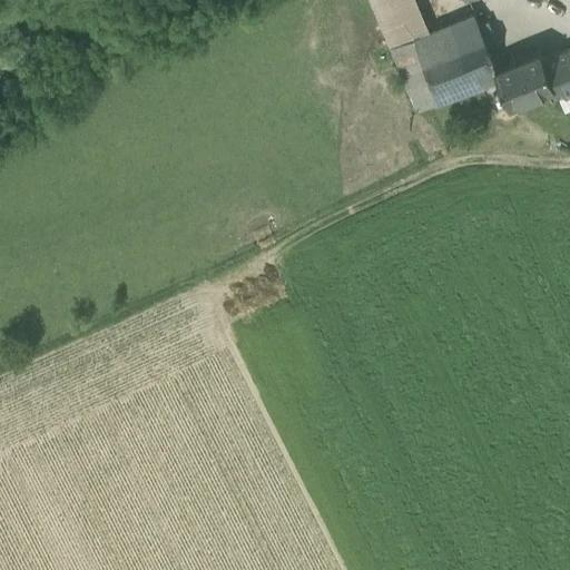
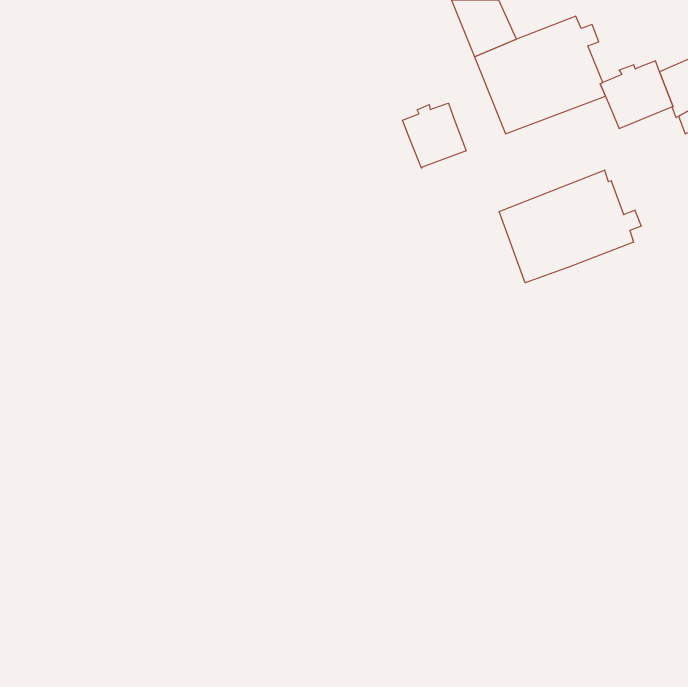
building: none -> [402,103,466,168]
building: none -> [499,170,641,283]

